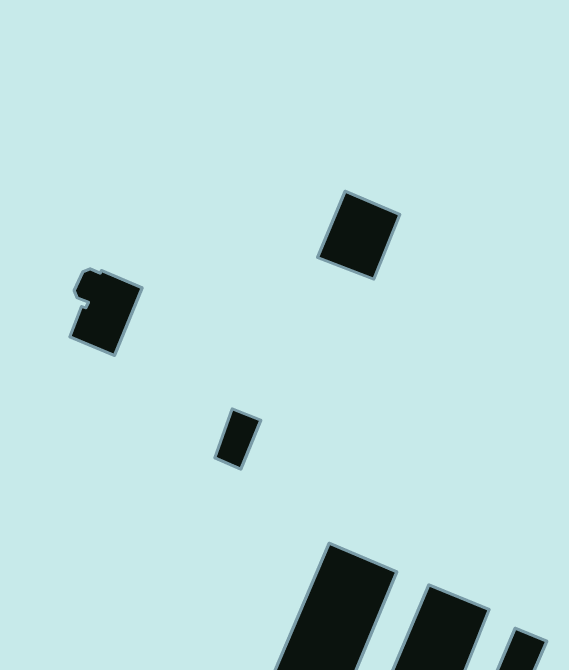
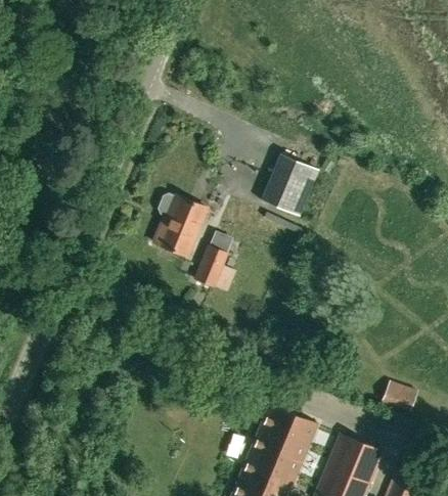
building: [70,269,142,355] -> [155,193,207,255]
building: [215,409,261,469] -> [195,244,228,287]
building: none -> [382,380,417,411]

